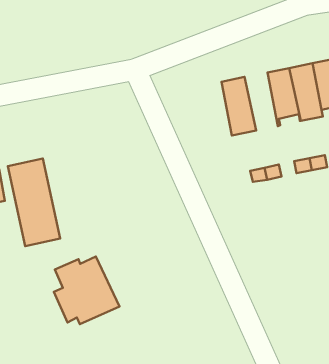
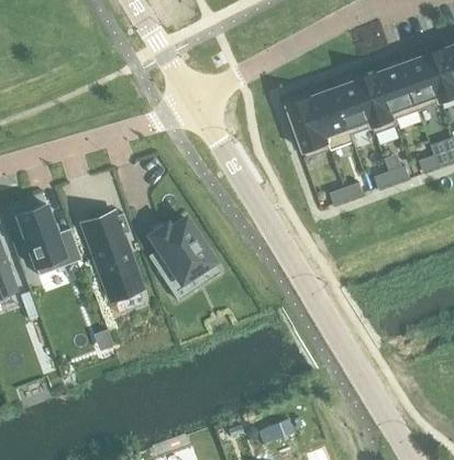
building: none -> [311,88,353,150]
building: [54,256,120,324] -> [145,215,218,287]

